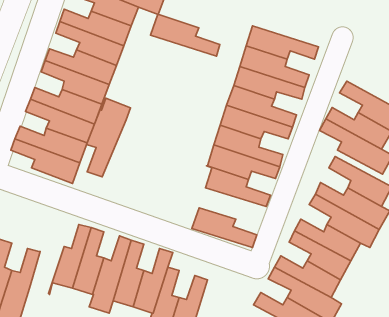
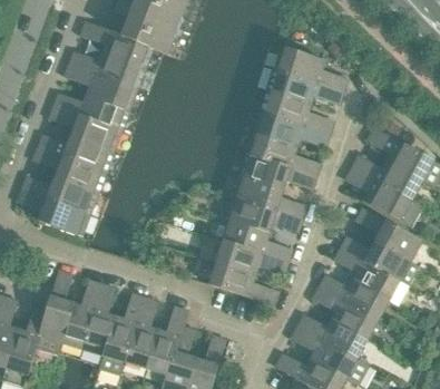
building: [151,14,220,56] -> [273,46,346,90]
building: [87,98,131,177] -> none
building: none -> [216,241,287,274]
building: none -> [36,270,72,353]

